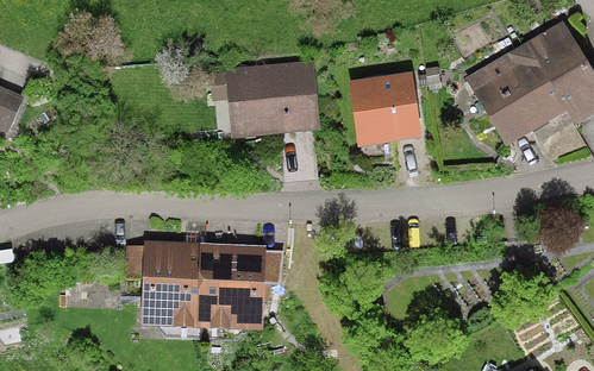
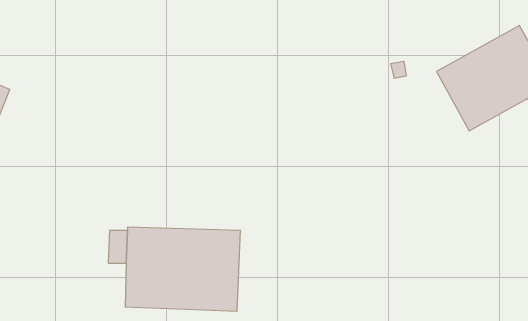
building: [232,65,314,133] -> none
building: [354,76,418,143] -> none

